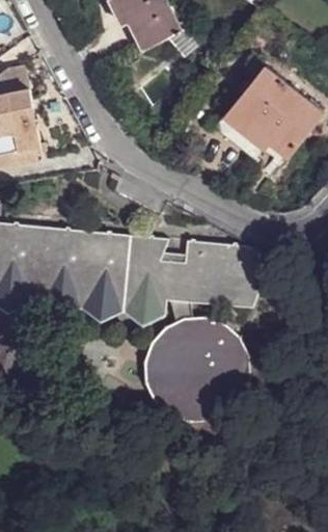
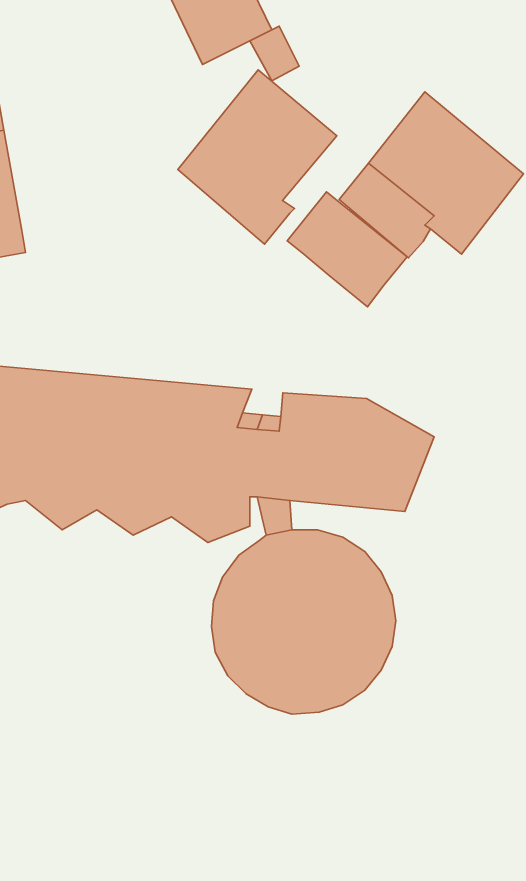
building: none -> [178,70,337,244]
building: none -> [287,192,407,307]

